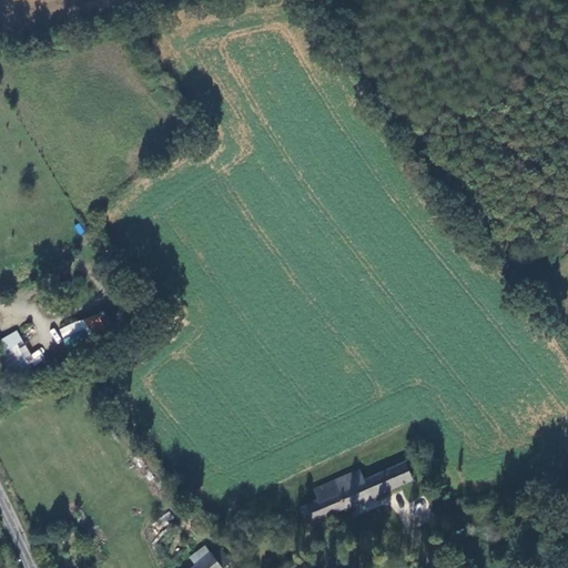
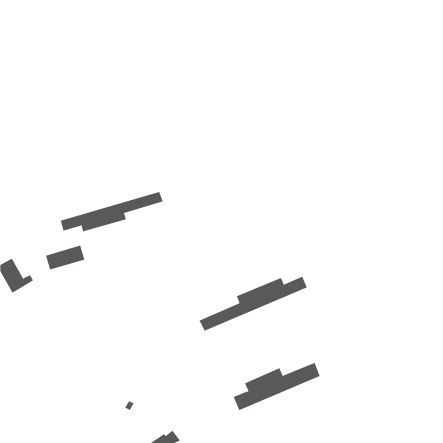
building: none -> [60,191,163,232]
building: none -> [199,276,307,332]

